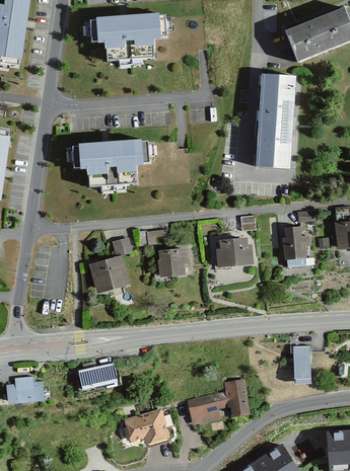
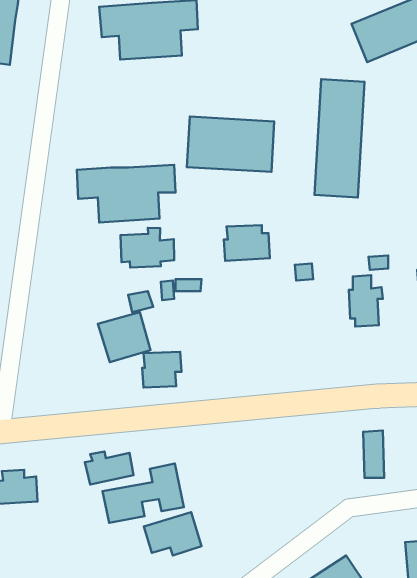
building: none -> [187,117,274,172]
building: none -> [120,228,174,268]
building: [216,238,252,265] -> [224,225,270,261]
building: [157,248,188,276] -> [142,352,182,388]
building: [187,378,250,423] -> [102,464,184,523]

